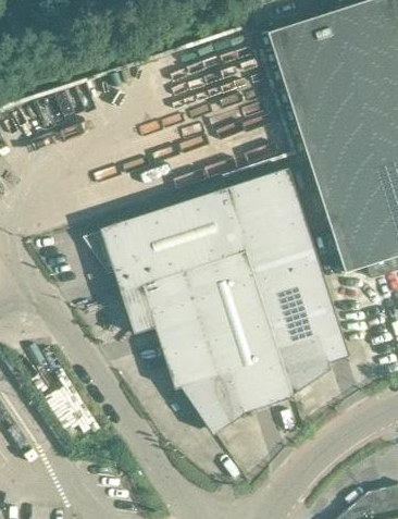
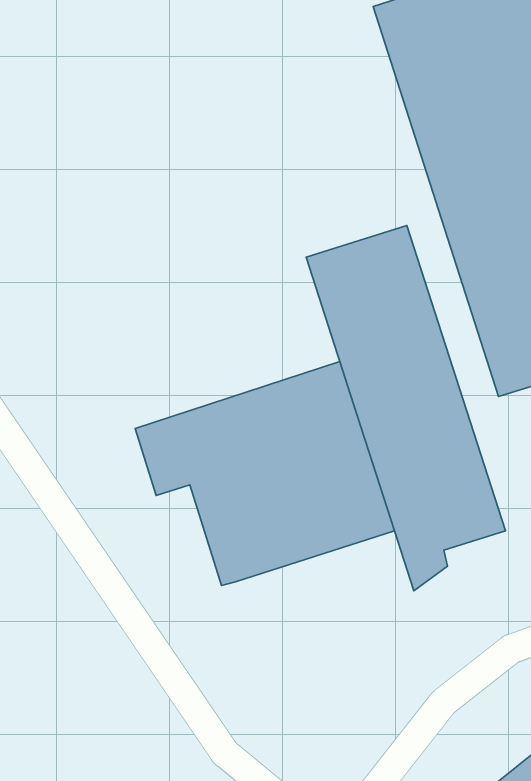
building: [85,187,247,293] -> none
building: [183,356,294,432] -> none

